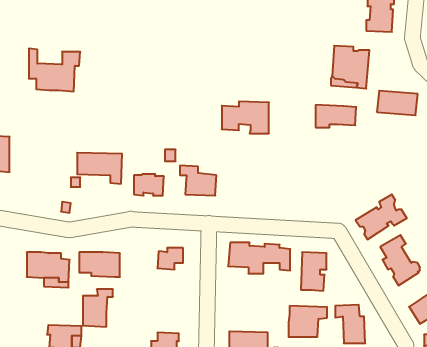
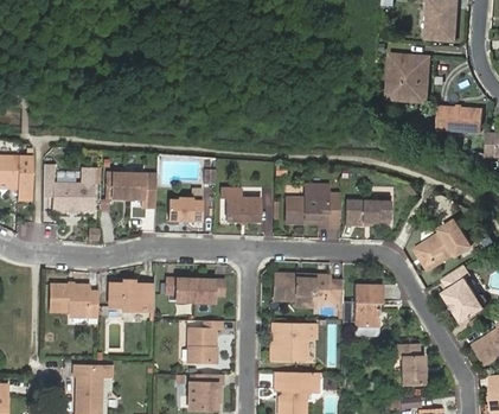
building: [29,49,80,91] -> [43,164,100,211]
building: [222,101,269,133] -> [286,192,338,228]
building: [316,105,356,127] -> [345,199,390,224]
building: none -> [166,278,196,301]
building: [83,289,113,327] -> [187,320,220,362]
building: [289,306,327,337] -> [273,324,315,358]

